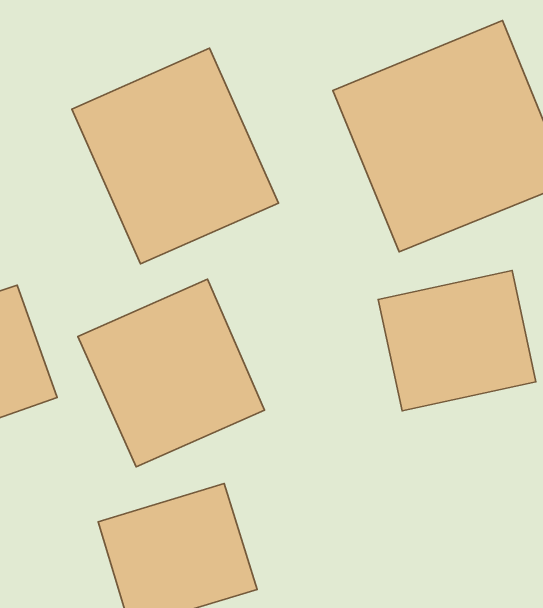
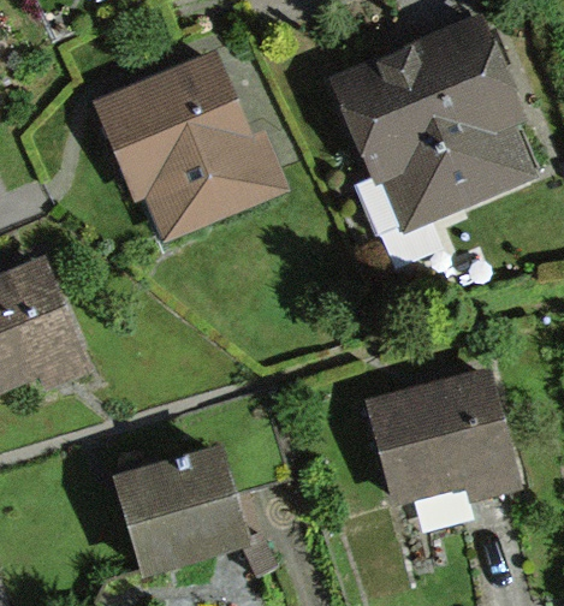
building: [378,270,536,411] -> [367,370,510,498]
building: [78,279,265,467] -> none

